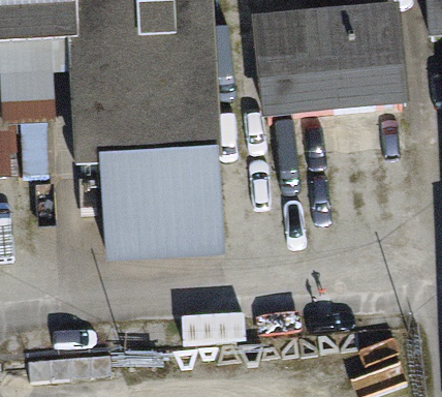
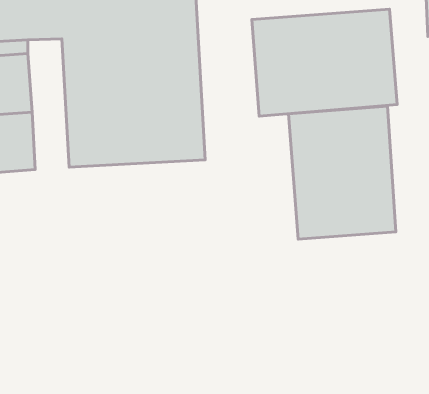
building: none -> [288,106,396,239]
building: [102,159,222,262] -> none

